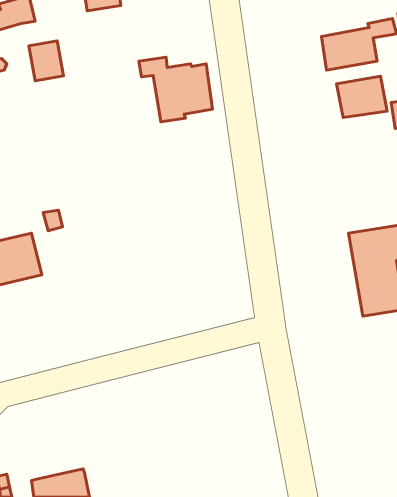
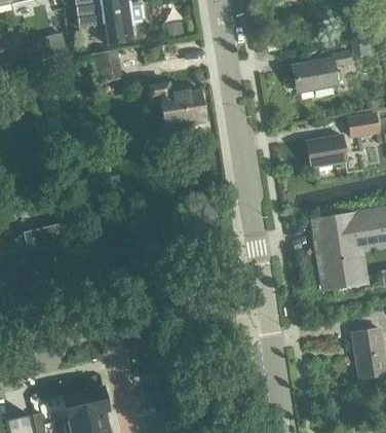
building: [29,41,64,81] -> [91,49,119,81]
building: [337,76,387,118] -> [306,134,346,167]
building: none -> [62,385,109,417]

